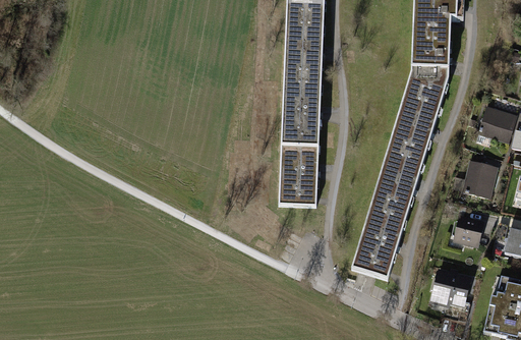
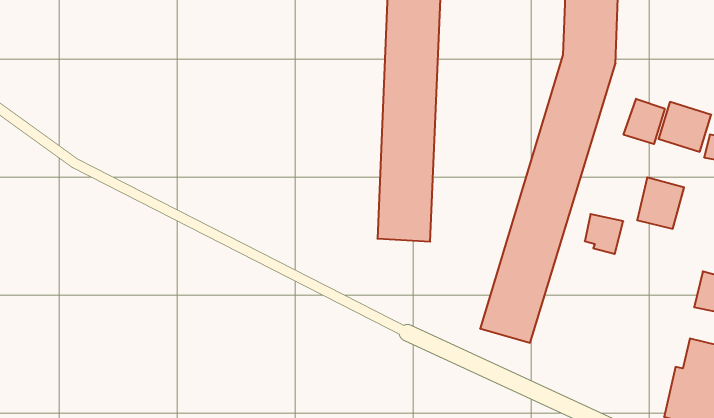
building: none -> [624,99,665,144]
building: [455,216,482,244] -> [585,214,623,254]
building: [432,271,468,302] -> none

